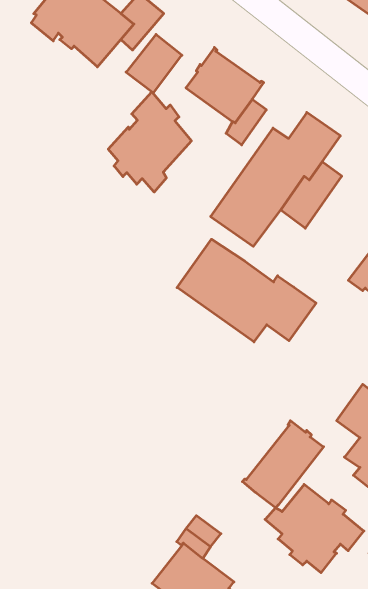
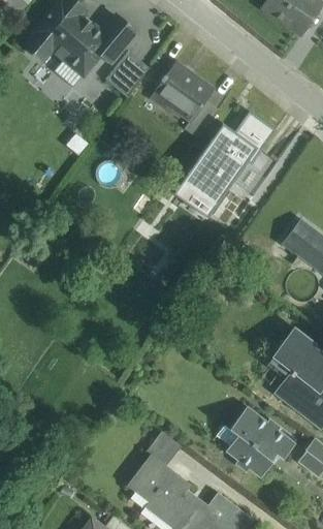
building: [108,92,191,192] -> none
building: [177,239,316,342] -> none
building: [242,421,324,508] -> none

